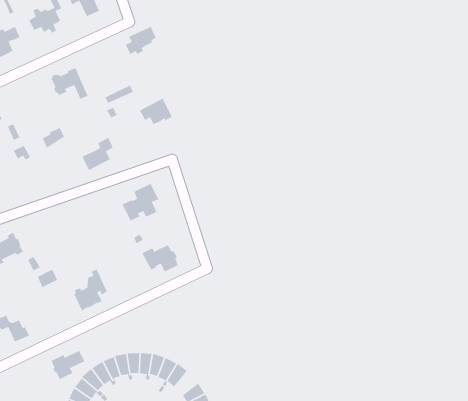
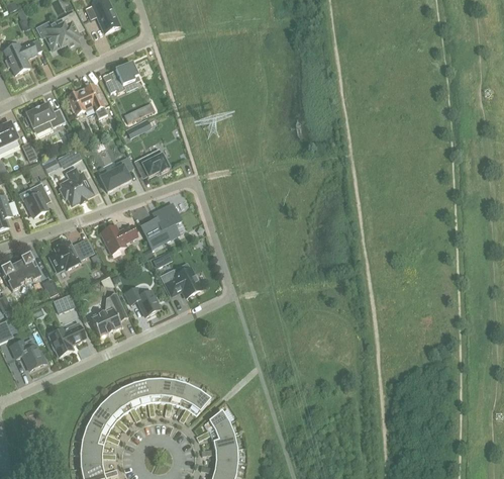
building: [125,26,157,55] -> [104,62,137,92]
building: none -> [23,102,64,127]
building: [139,98,173,125] -> [132,148,168,176]
building: none -> [59,168,92,203]
building: none -> [23,182,49,216]
building: none -> [99,223,136,253]
building: none -> [49,241,85,270]
building: none -> [124,286,159,315]
building: [50,350,85,380] -> [48,324,85,356]

